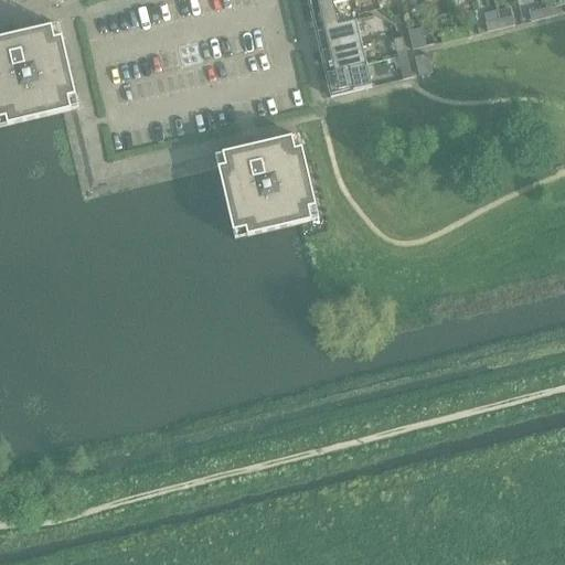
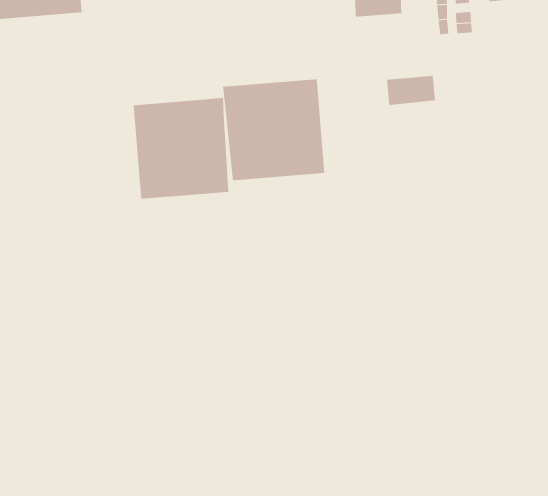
building: [322,61,370,94] -> [386,76,436,105]
building: none -> [133,97,229,199]

